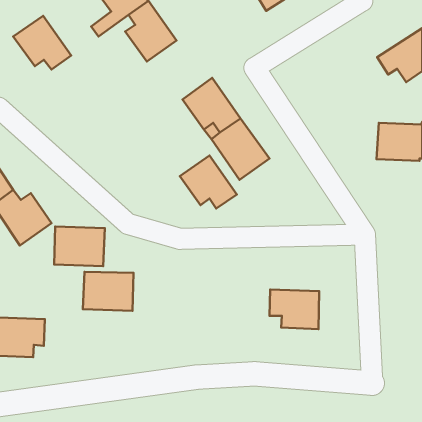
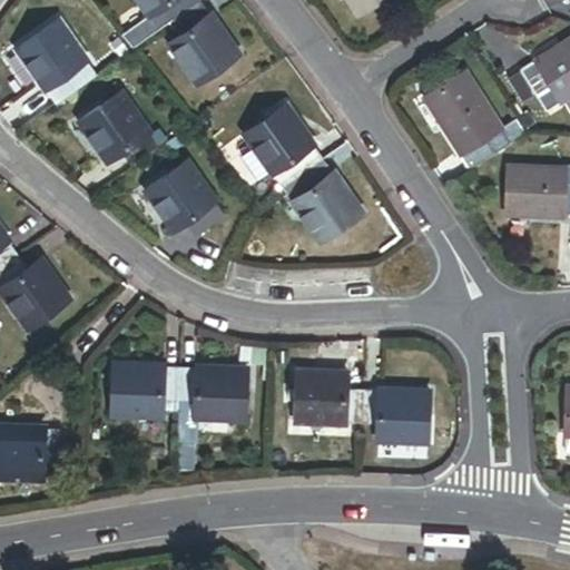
building: none -> [423,70,525,168]
building: none -> [80,92,157,165]
building: [180,155,237,209] -> [147,163,224,234]
building: [54,226,105,266] -> [178,366,246,420]
building: none -> [295,372,363,424]

